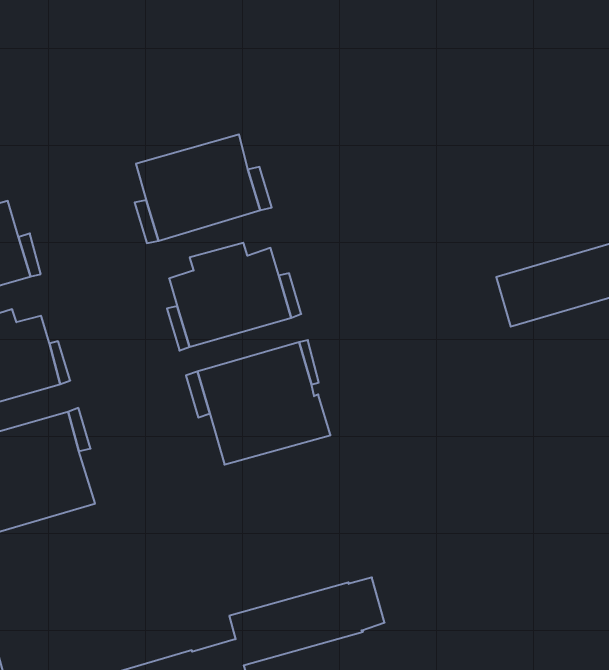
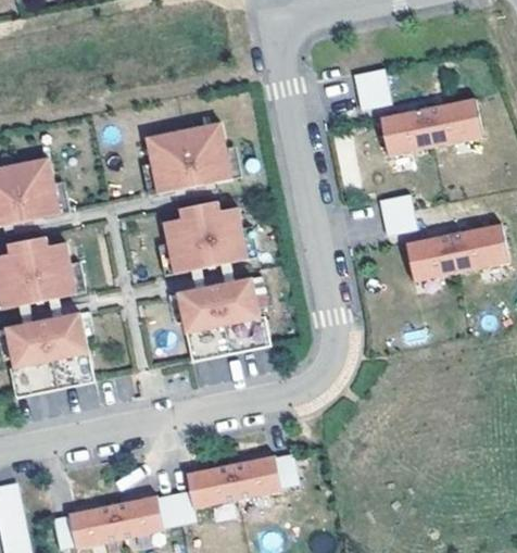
building: none -> [353,66,392,109]
building: none -> [377,98,479,153]
building: none -> [378,191,417,234]

